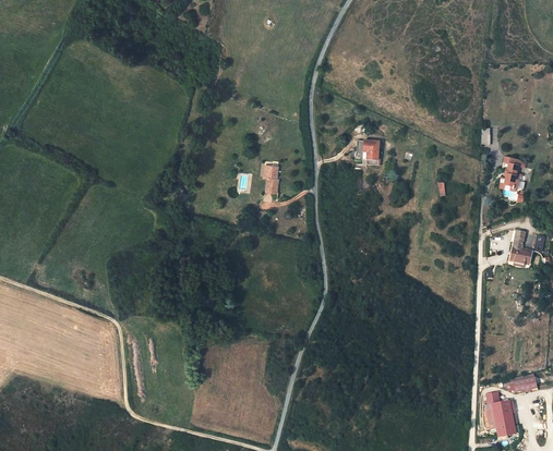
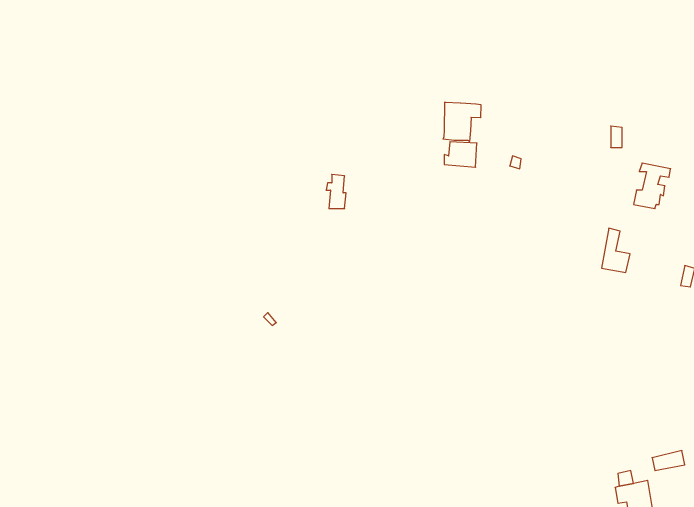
building: none -> [443,102,481,141]
building: [510,230,532,264] -> [602,228,630,272]

